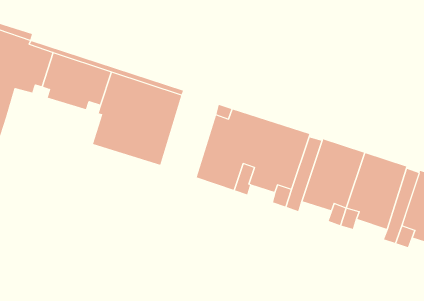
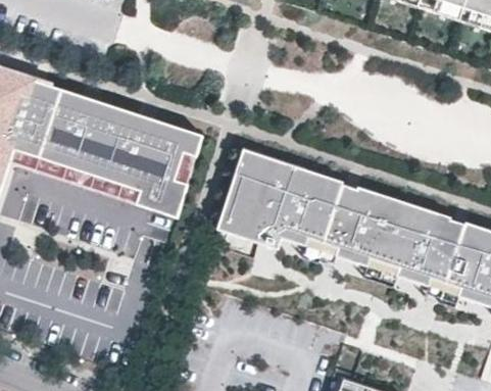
building: none -> [8,126,112,191]

